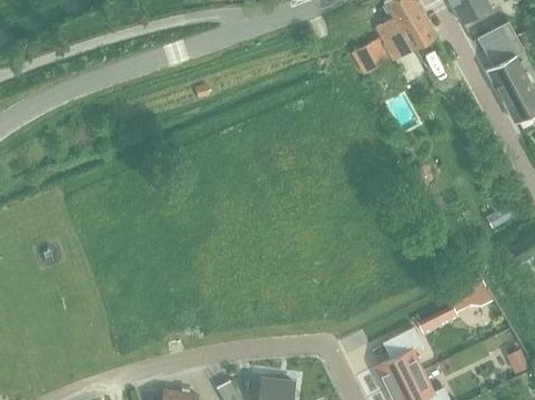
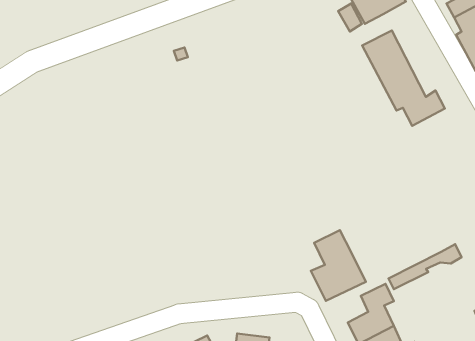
building: none -> [362,31,445,126]
building: none -> [311,230,366,301]

